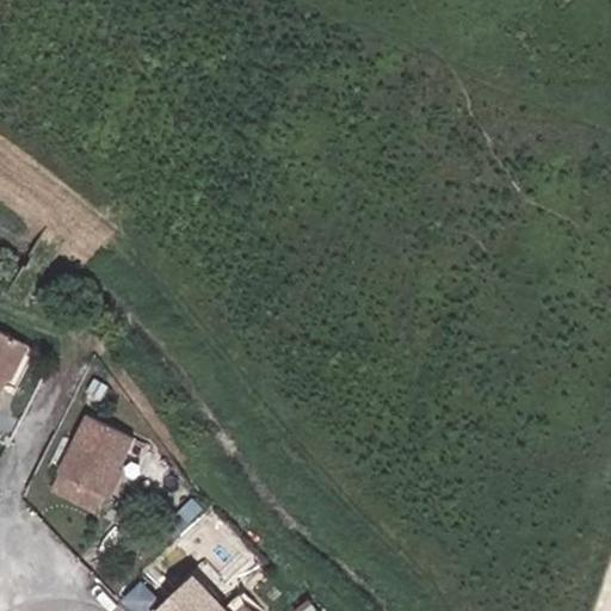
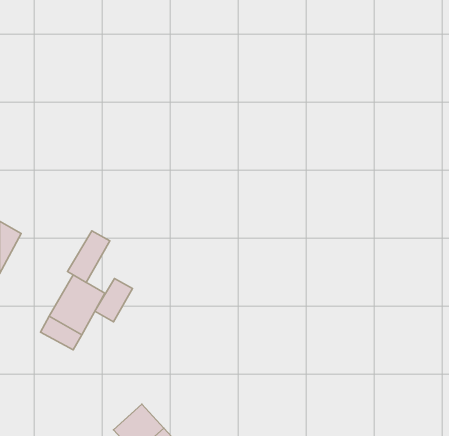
building: none -> [68,231,110,282]
building: none -> [95,279,132,322]

